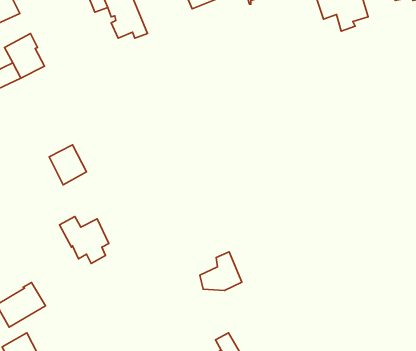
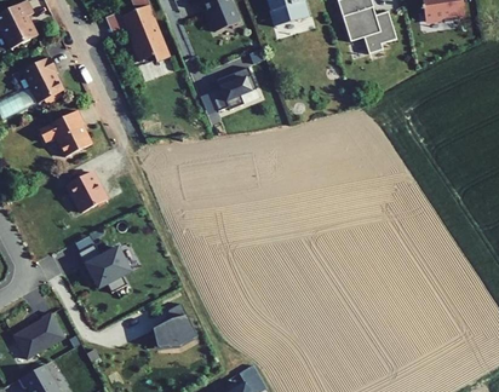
building: none -> [211,67,257,110]
building: none -> [38,110,91,157]
building: [200,252,242,290] -> [153,301,196,341]

